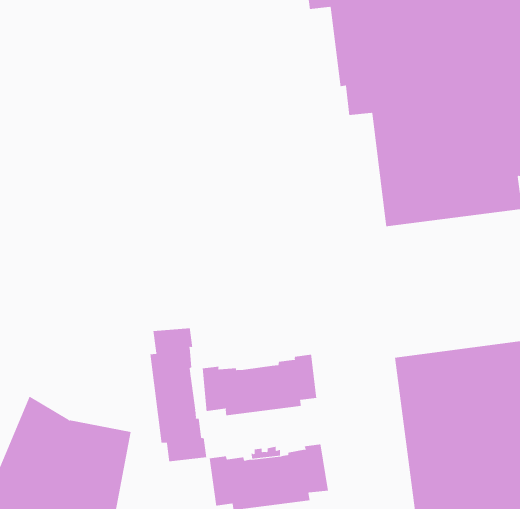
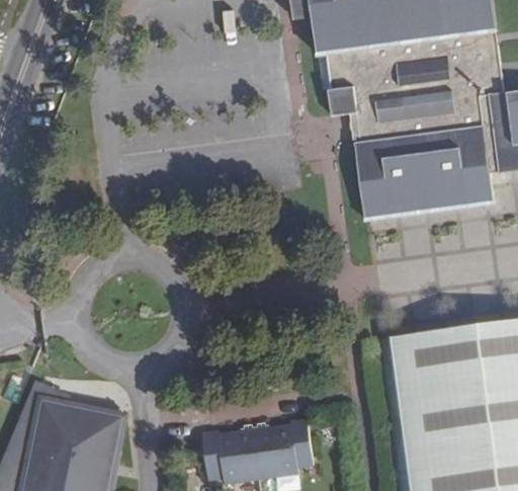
building: [150,328,207,462] -> none
building: [202,354,317,416] -> none

